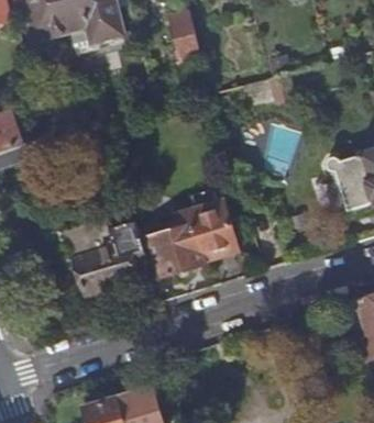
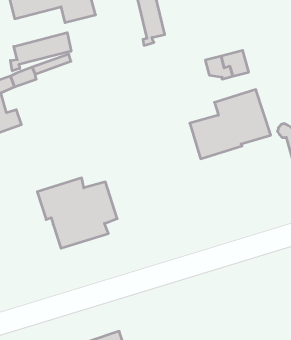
building: none -> [10,33,71,71]
building: [147,199,238,276] -> [190,90,271,159]

